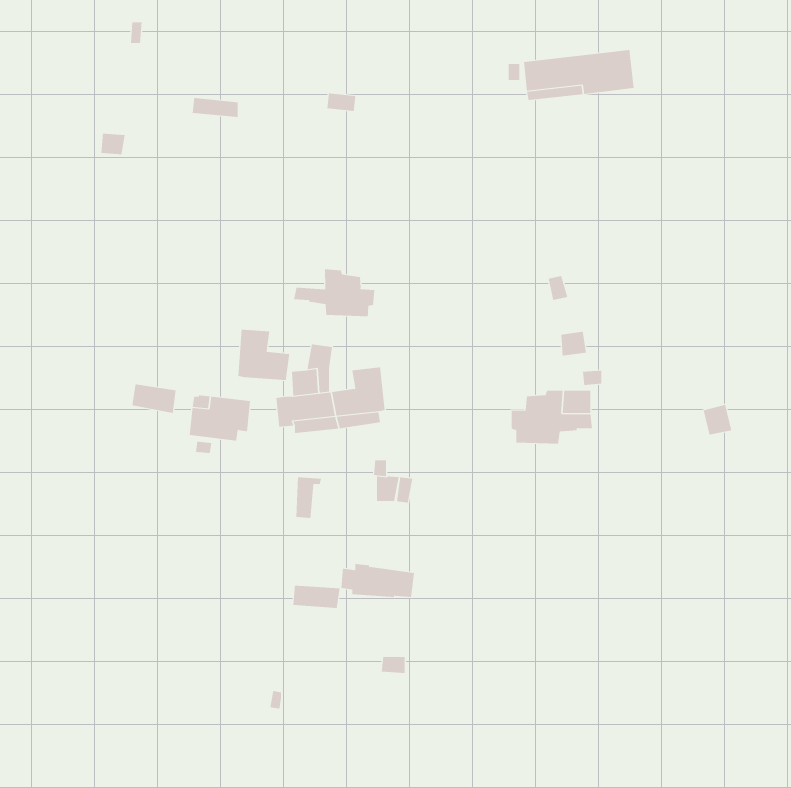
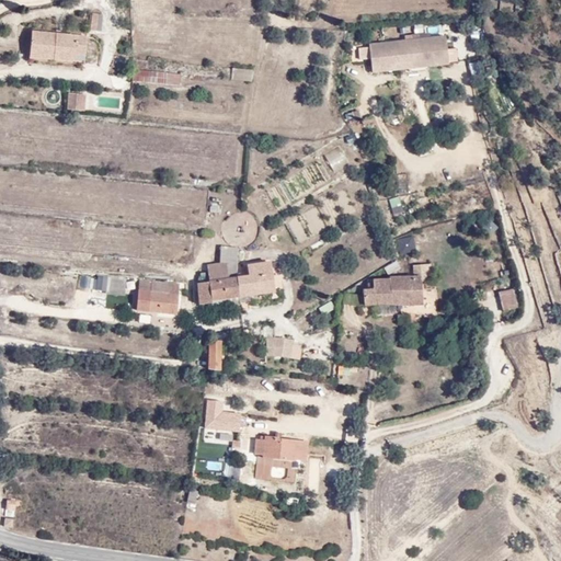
building: none -> [33,33,90,65]
building: [294,269,375,317] -> none
building: [238,329,290,381] -> none
building: [341,564,415,598] -> [257,435,310,459]

